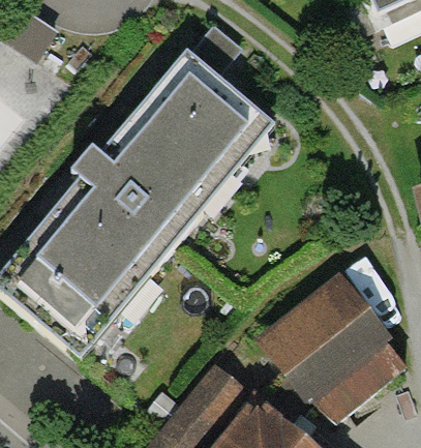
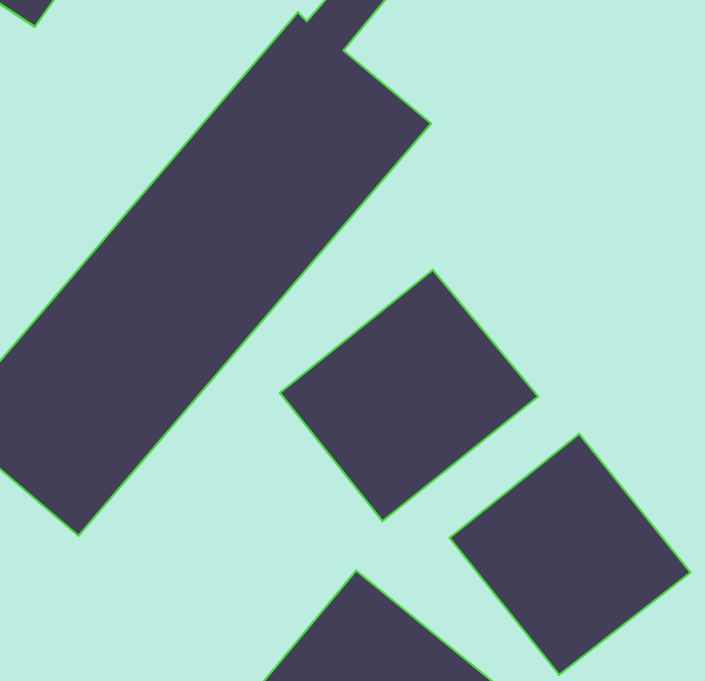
building: none -> [280,270,538,521]

